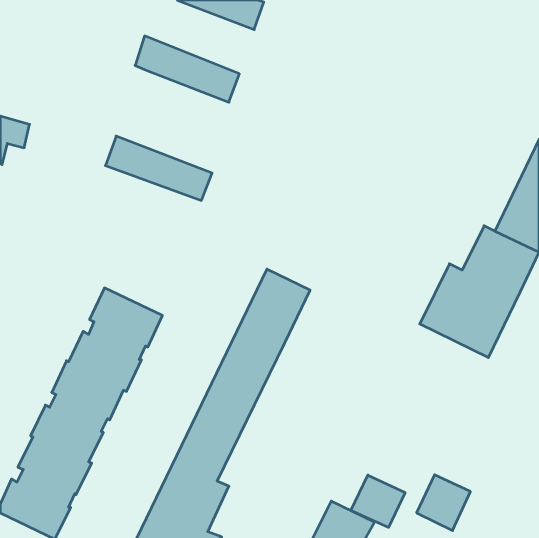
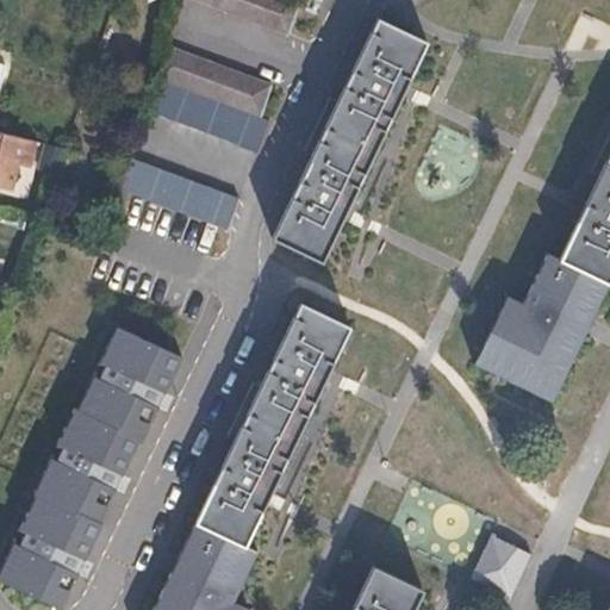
building: none -> [274,21,427,262]
building: none -> [152,80,269,151]
building: [351,475,405,527] -> none

